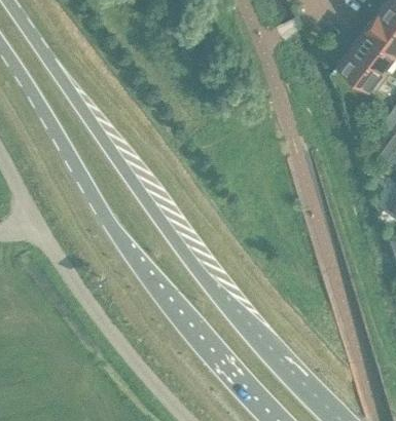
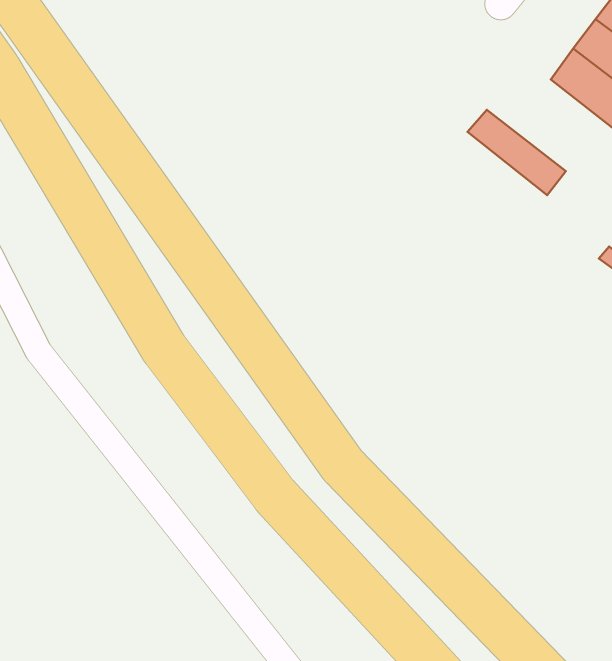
building: none -> [467,110,566,195]

